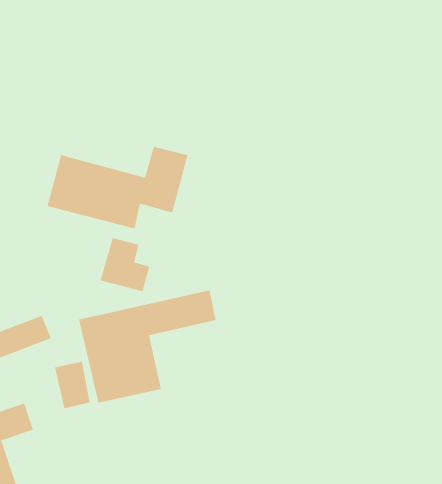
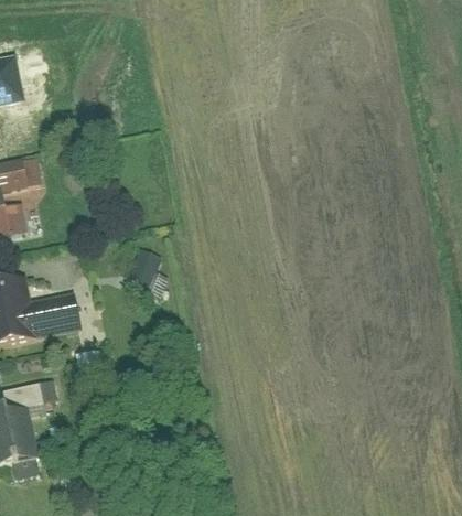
building: [46,146,189,230] -> none
building: [78,289,217,403] -> none

